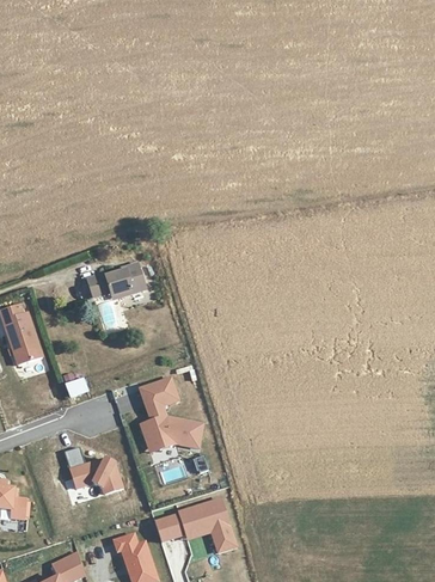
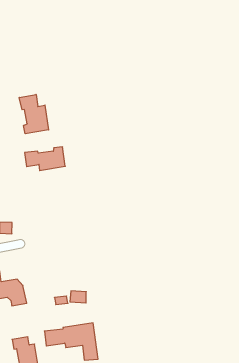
building: none -> [19,94,49,134]
building: [140,378,202,453] -> none

